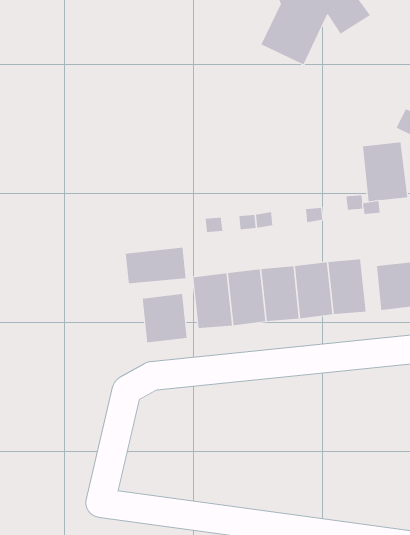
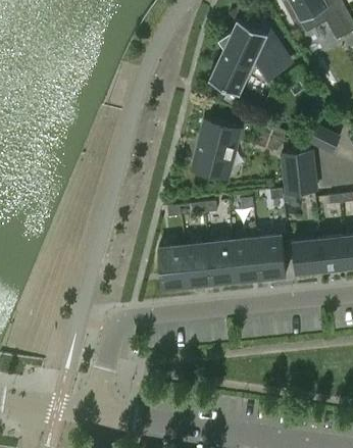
building: none -> [193,121,240,179]
building: [125,247,186,284] -> none
building: [142,293,187,343] -> none

